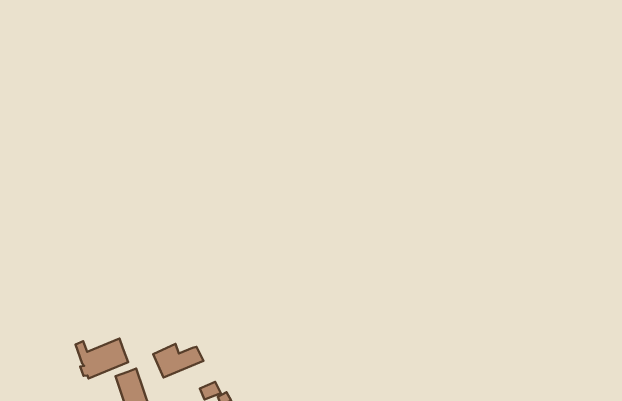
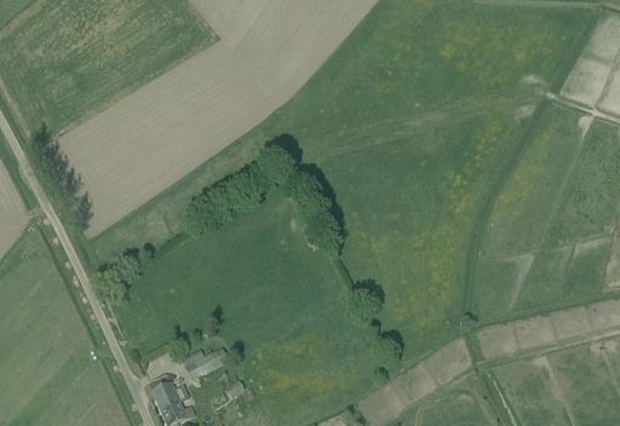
building: [76,339,128,379] -> none

